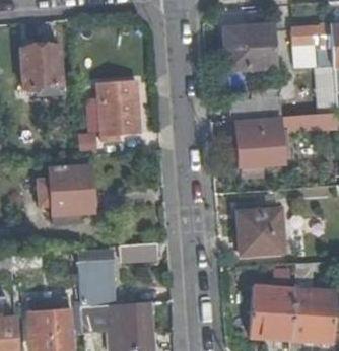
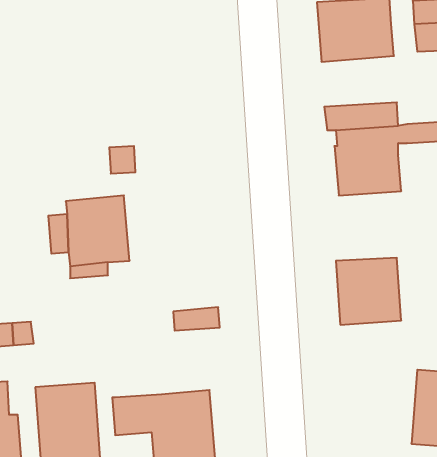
building: [20,46,63,95] -> none
building: [96,81,139,133] -> none
building: [77,249,116,306] -> none
building: [250,285,294,339] -> none

